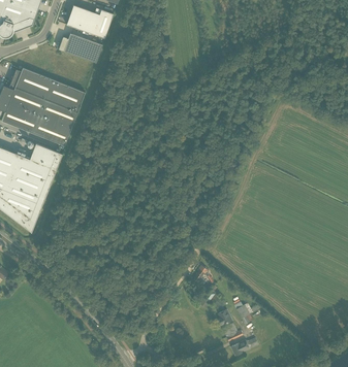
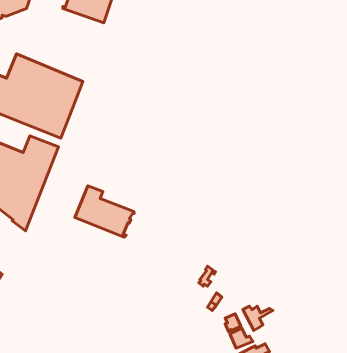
building: [58,33,102,62] -> none
building: none -> [75,186,134,237]

